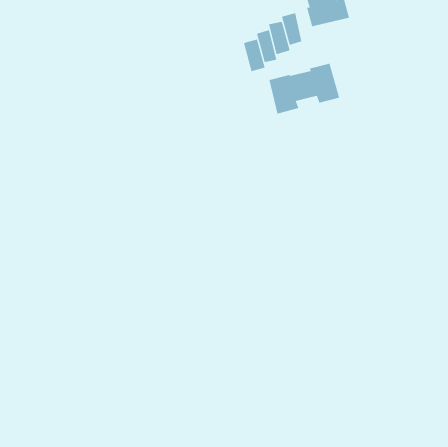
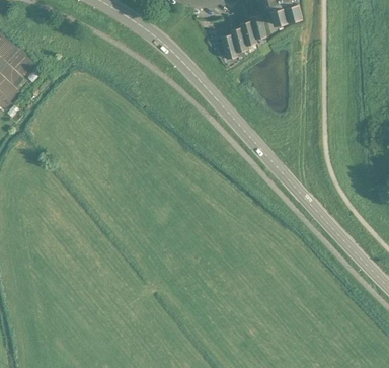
building: [269,63,340,114] -> none

